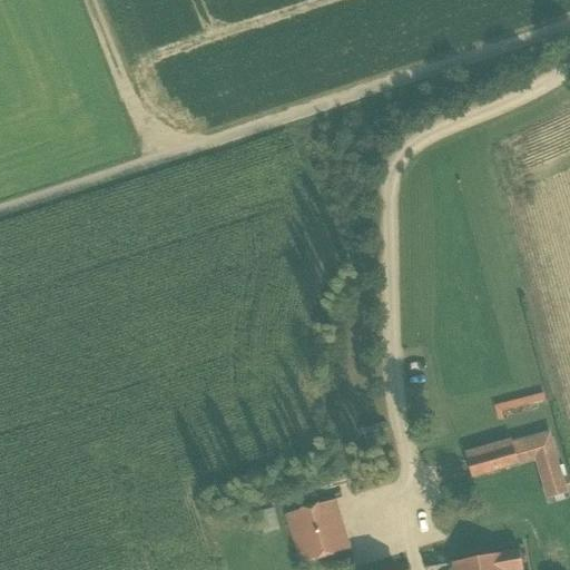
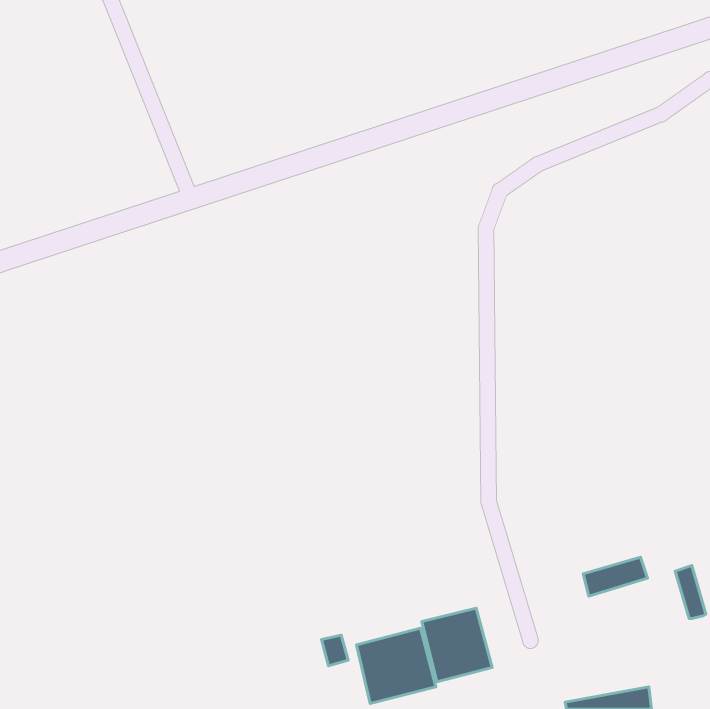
building: [511,429,553,462] -> none
building: none -> [422,608,492,682]

